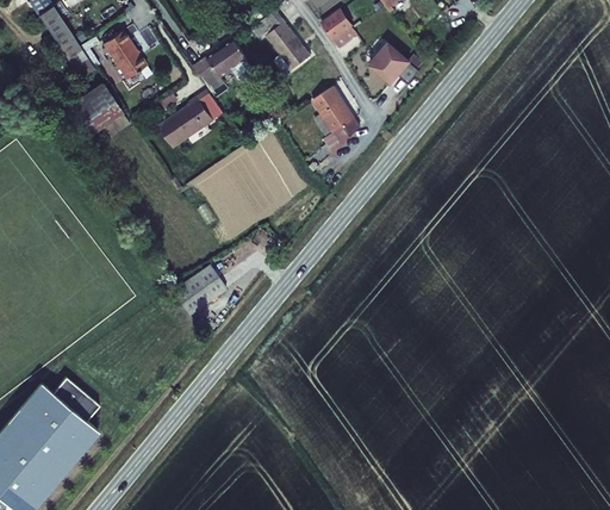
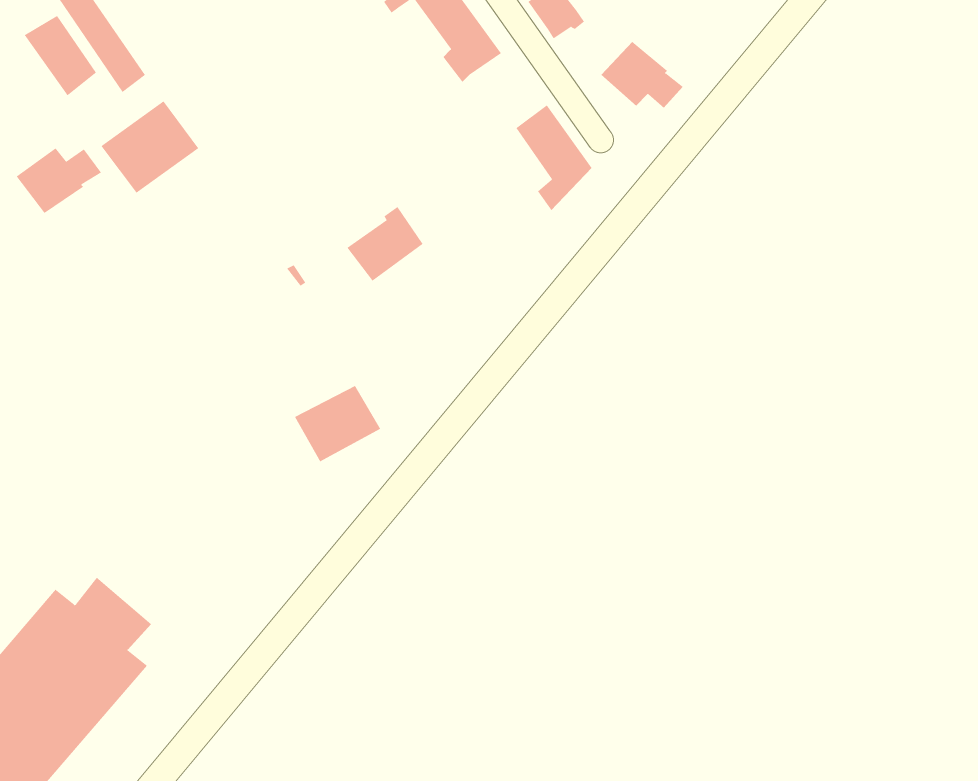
building: [105,31,149,80] -> [24,15,97,96]
building: [198,38,254,93] -> none
building: [173,98,219,143] -> [346,206,423,281]
building: none -> [16,148,102,214]

